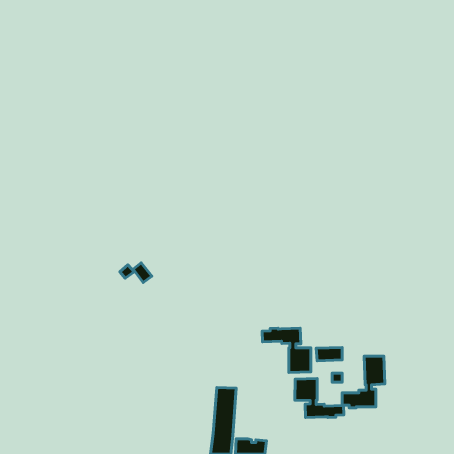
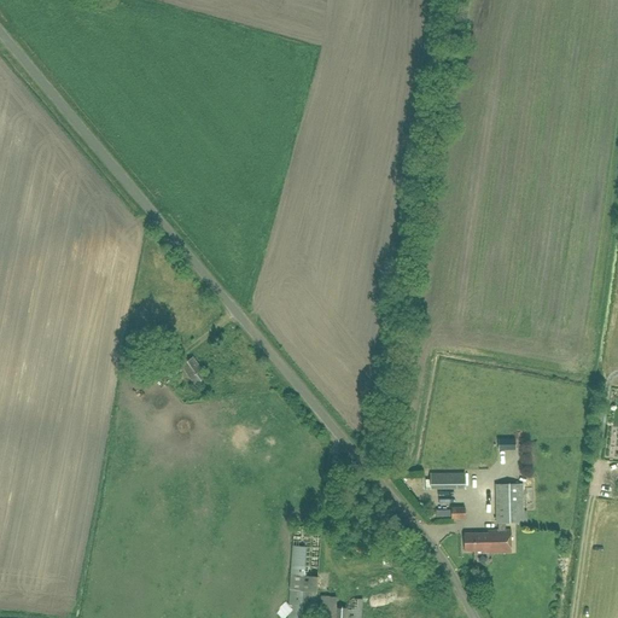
building: [262,328,311,373] -> none
building: [295,378,344,418] -> none

